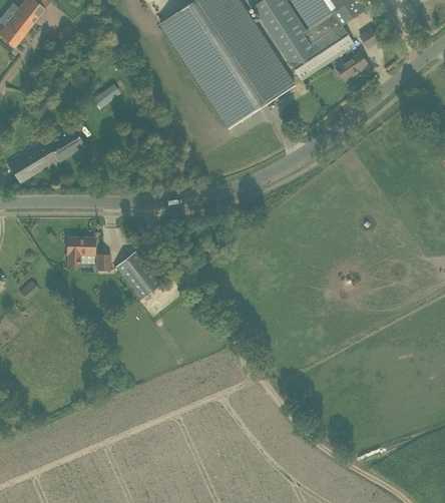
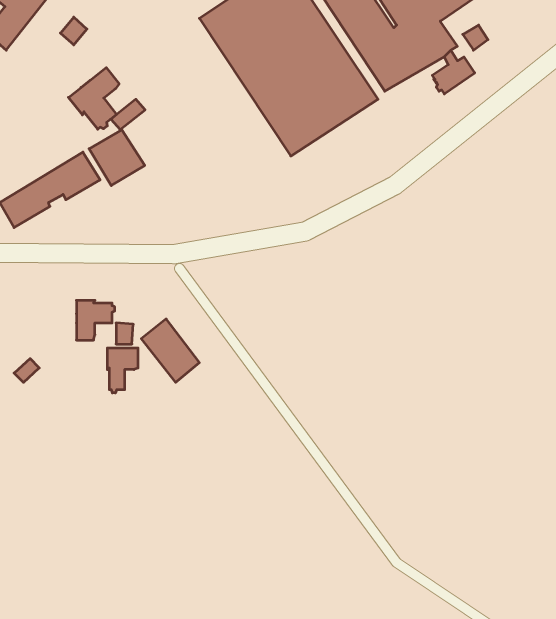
building: none -> [68,68,119,129]
building: none -> [89,130,145,186]
building: none -> [107,348,138,393]

